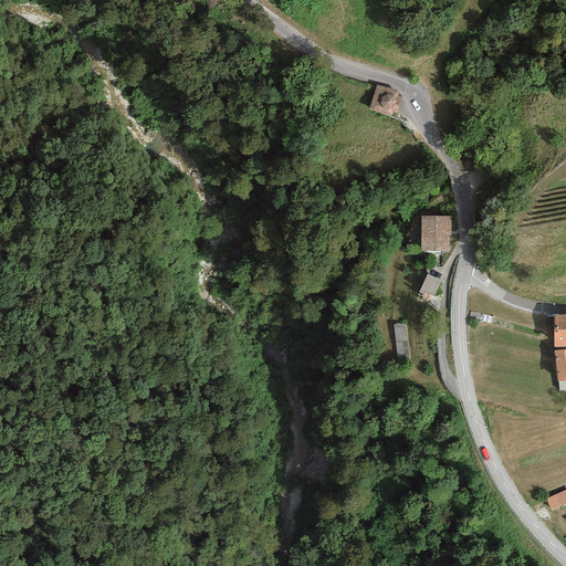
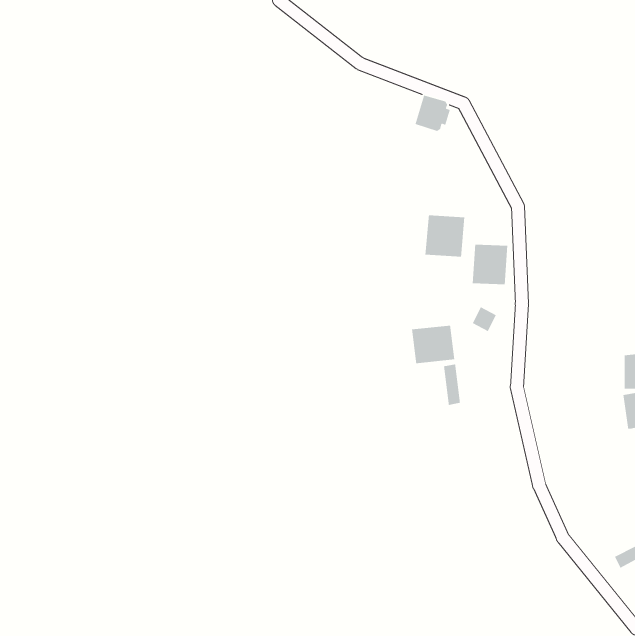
building: none -> [425,215,465,258]
building: none -> [411,325,455,364]

